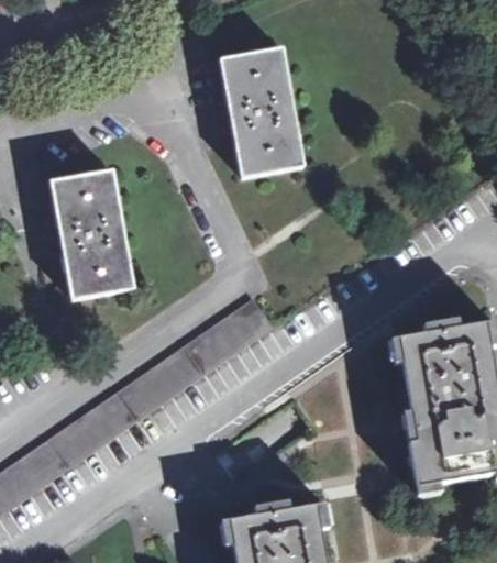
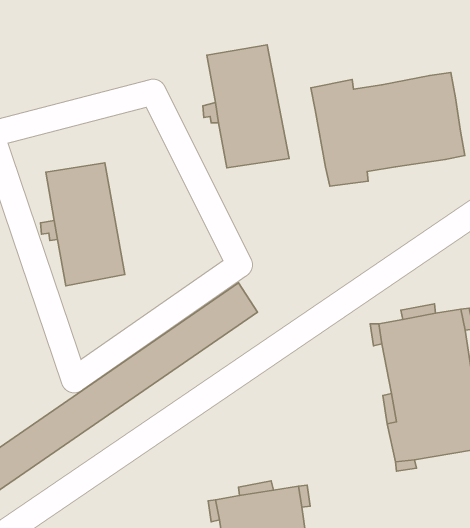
building: none -> [311,72,465,186]

